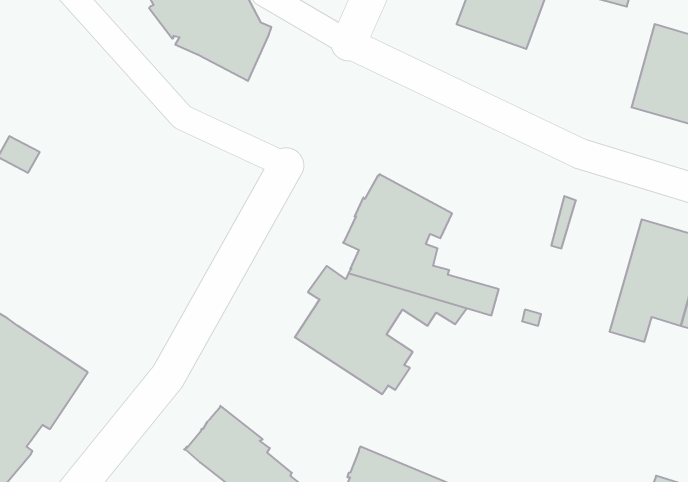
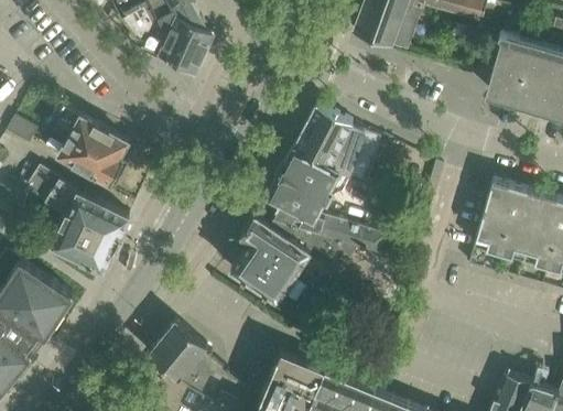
building: none -> [295,104,381,182]
building: none -> [56,107,129,186]
building: none -> [28,167,130,269]

